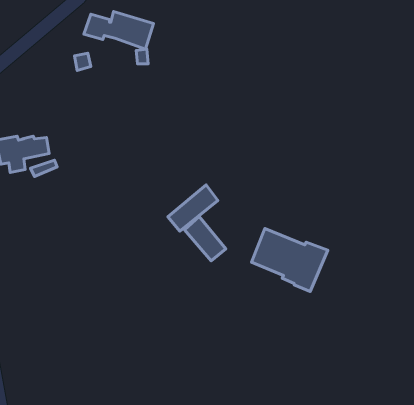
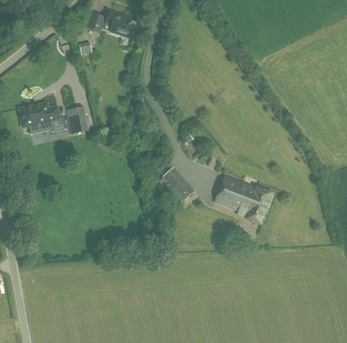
building: none -> [64,106,87,134]
building: [168,185,218,231] -> none

